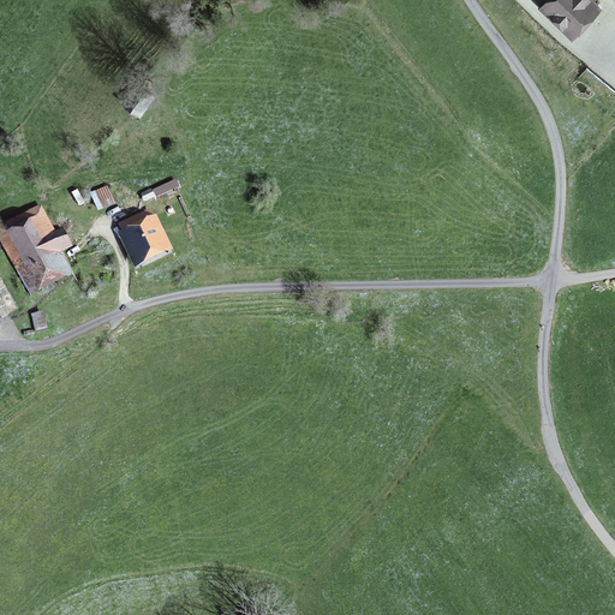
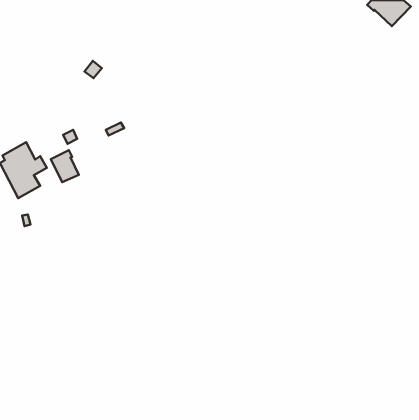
building: [124,213,165,259] -> [51,150,79,182]

